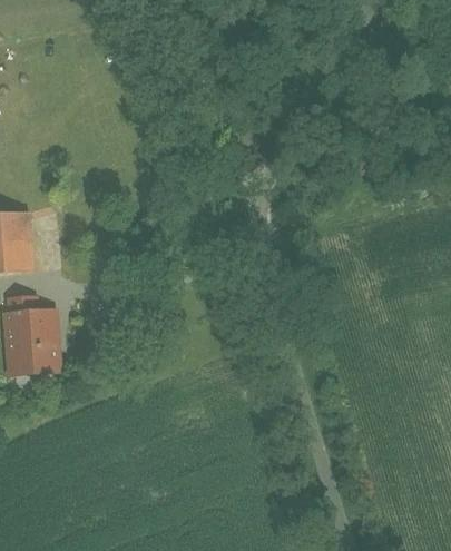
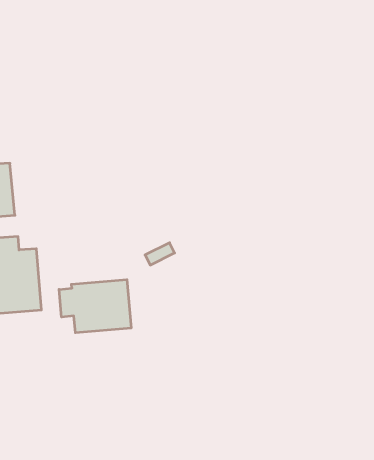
building: none -> [59,280,131,333]

